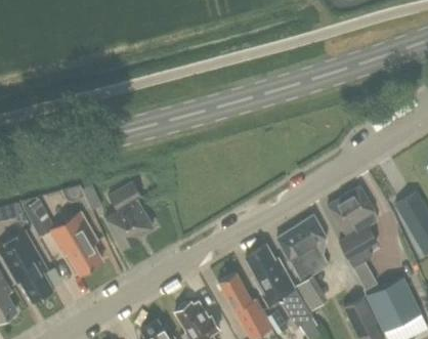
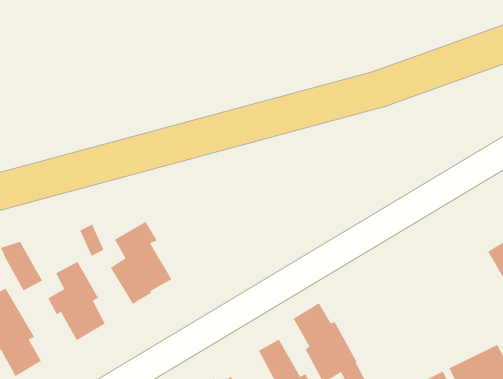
building: [328,186,378,268] -> none
building: [277,215,329,294] -> none

